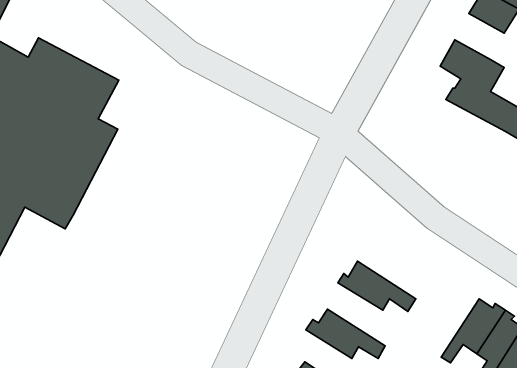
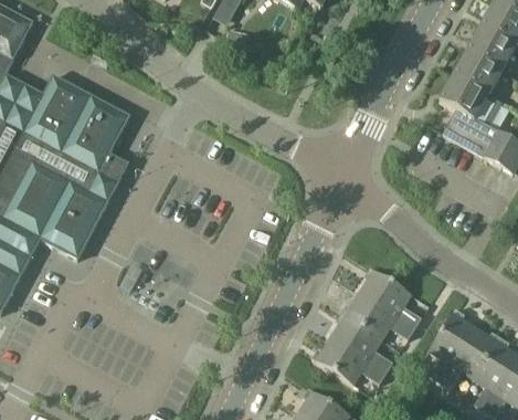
building: none -> [453,51,500,95]
building: none -> [359,266,421,326]
building: none -> [427,307,476,382]
building: none -> [330,311,392,371]

